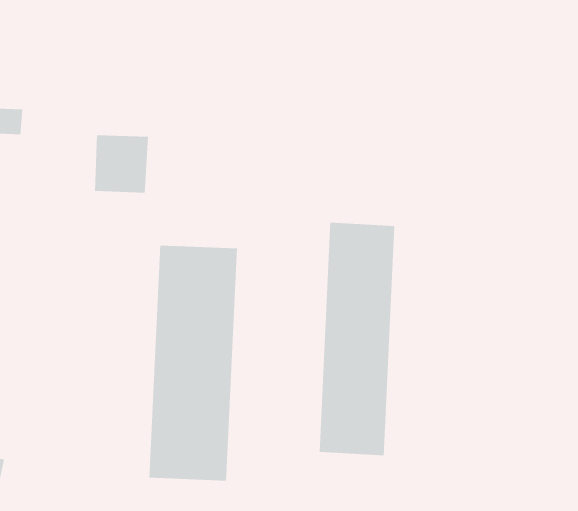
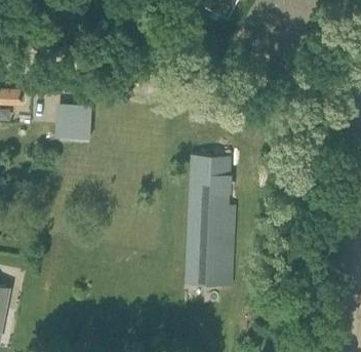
building: [149,245,238,482] -> none

